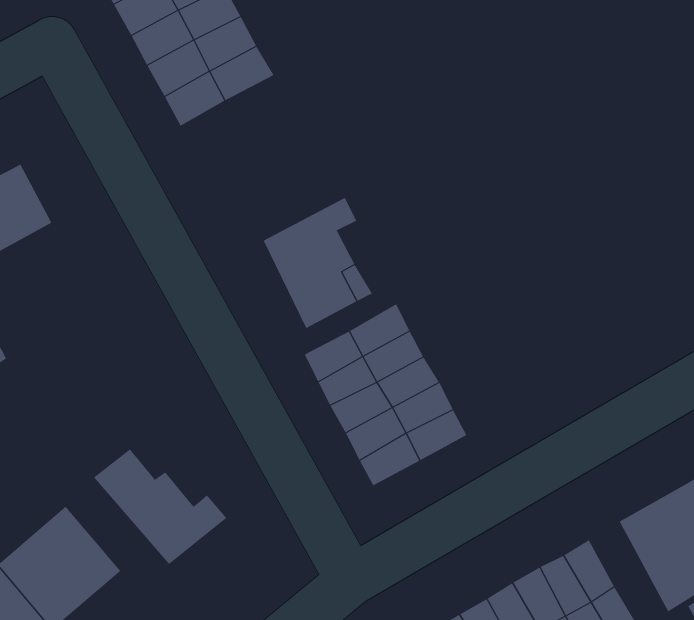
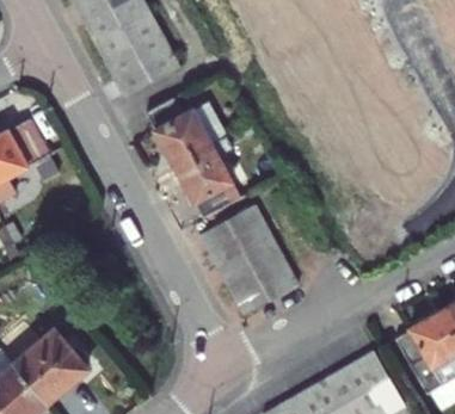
building: none -> [147,99,227,167]
building: [93,449,227,565] -> none

